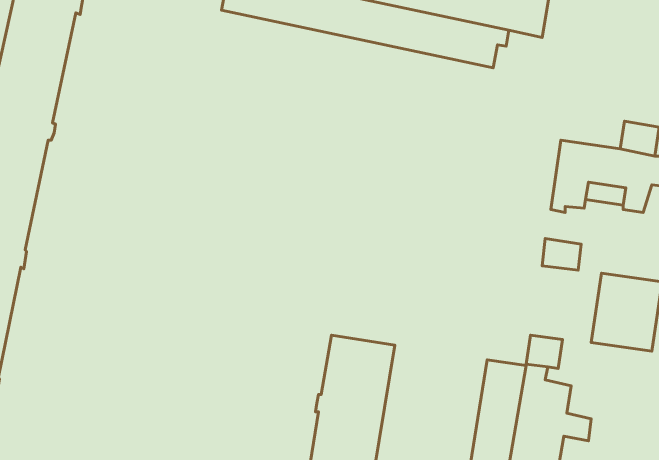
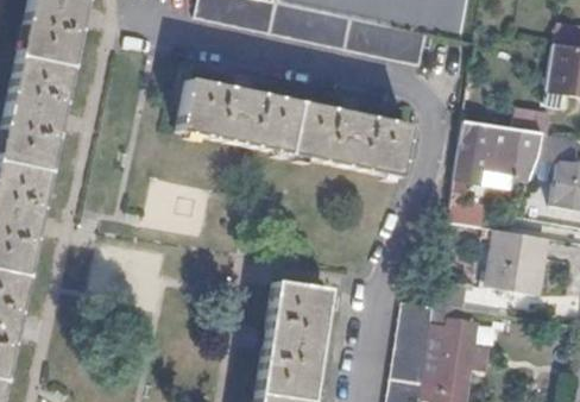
building: none -> [183,80,414,177]

